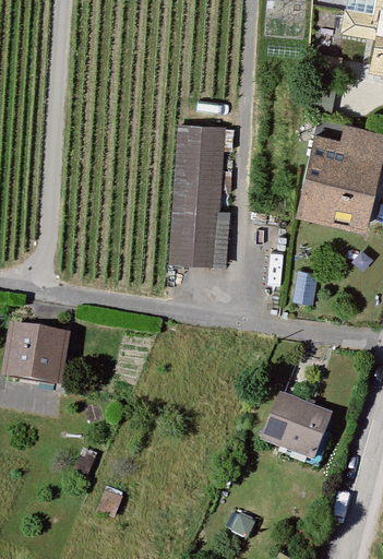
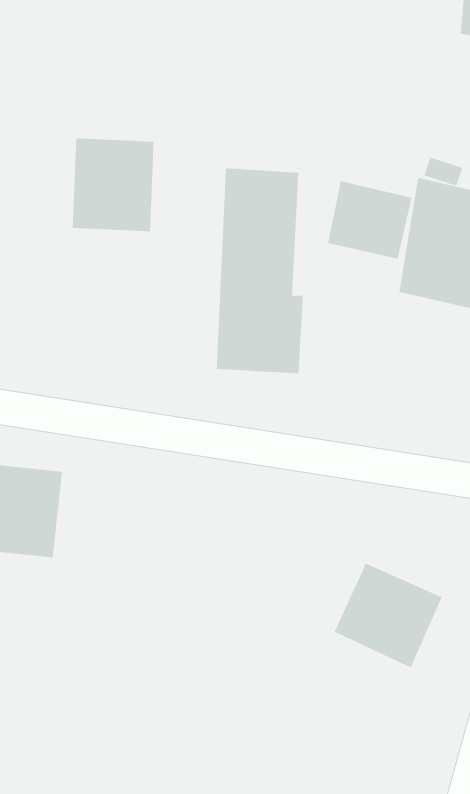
building: none -> [72,138,154,232]
building: none -> [327,181,412,259]

